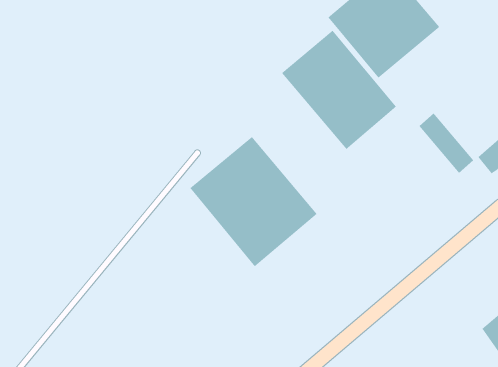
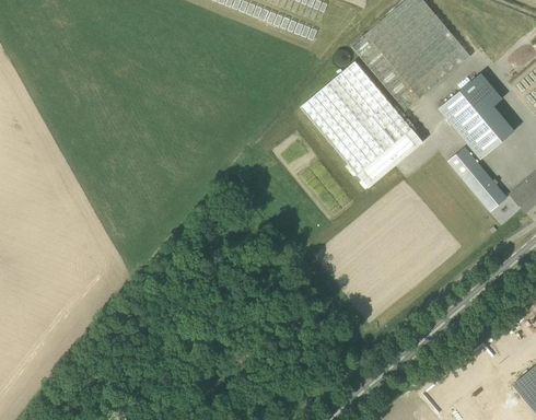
building: none -> [439,80,515,159]
building: [189,136,317,267] -> none

